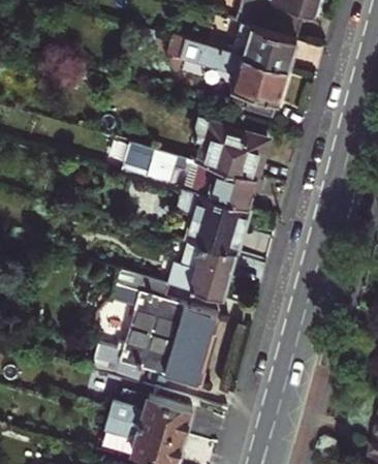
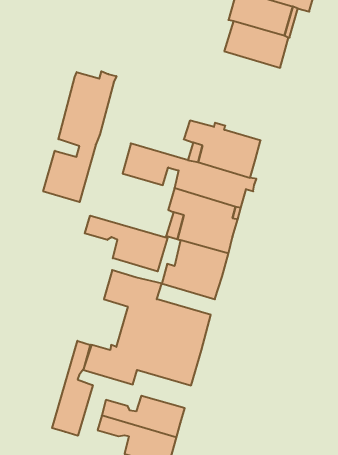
building: [166,35,287,102] -> none
building: none -> [43,71,116,202]
building: none -> [85,216,168,271]
building: none -> [52,341,93,436]

